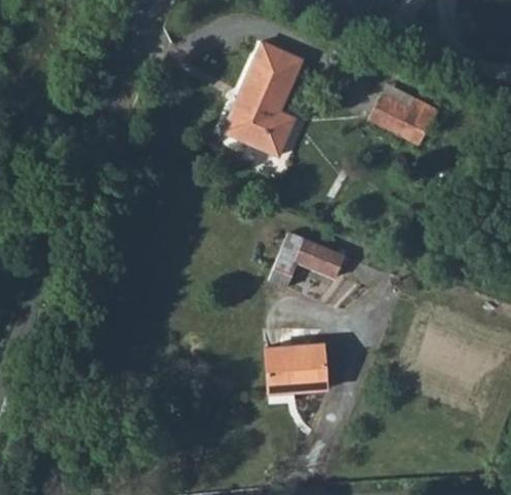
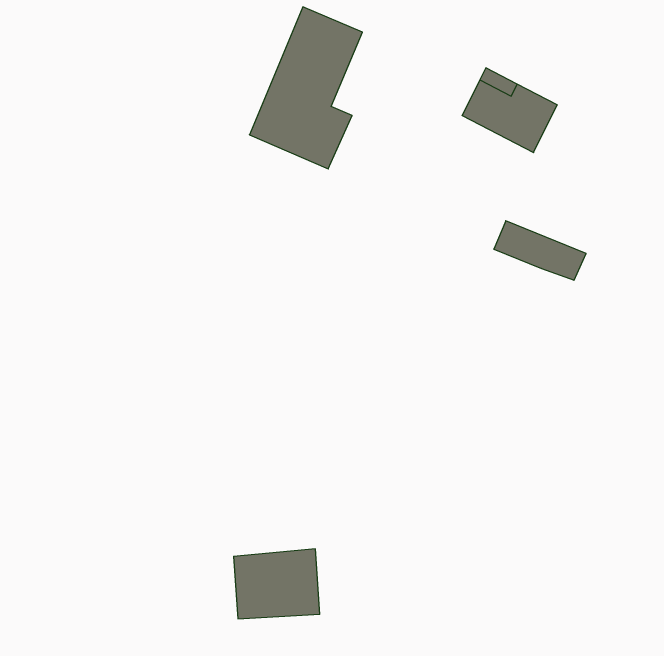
building: [281,234,345,275] -> [494,221,586,280]
building: [266,343,325,391] -> [234,549,320,619]

